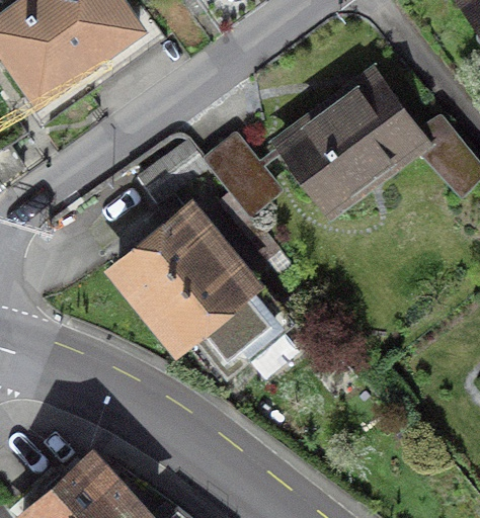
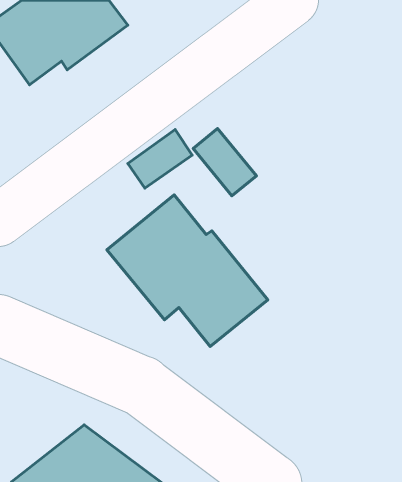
building: [282,78,420,206] -> none

